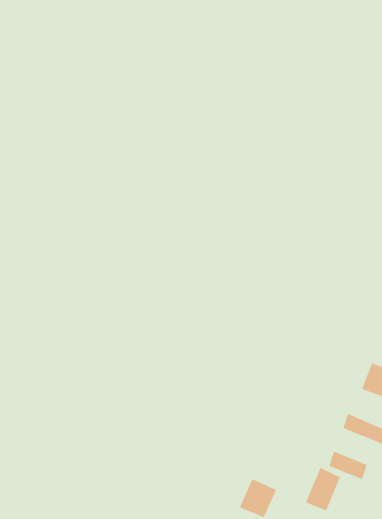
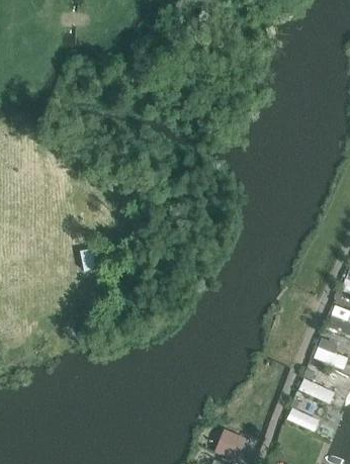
building: [305,467,340,511] -> none

